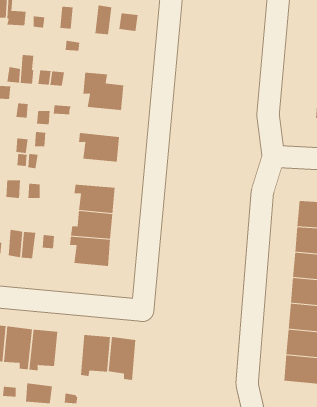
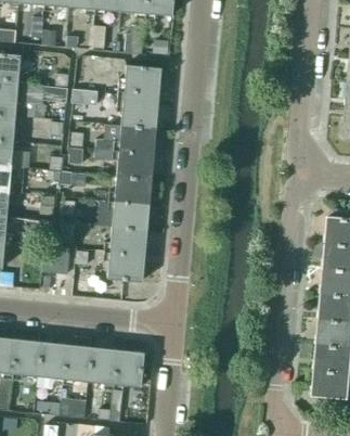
building: none -> [117,64,159,103]
building: none -> [94,125,154,154]
building: none -> [107,176,150,204]
building: [108,336,136,380] -> [88,346,116,389]

